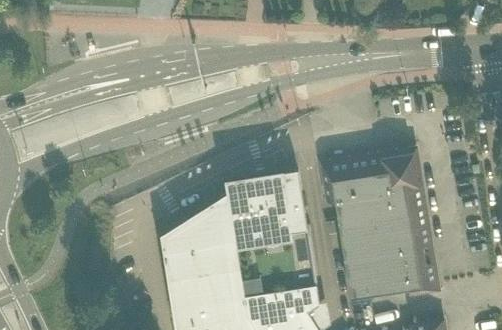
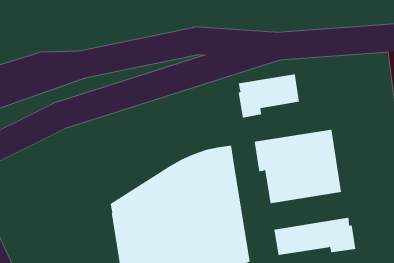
building: none -> [238,74,300,119]
building: [341,225,431,268] -> none

